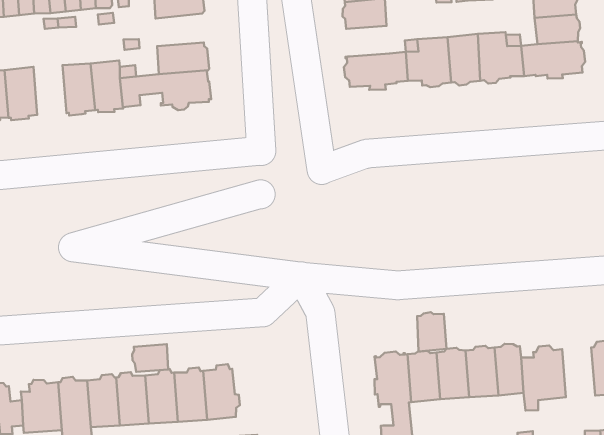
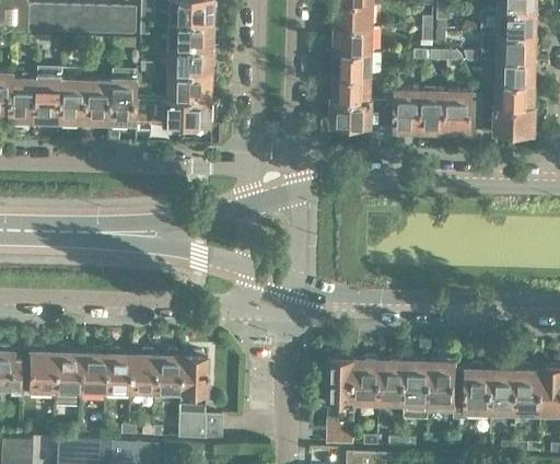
building: none -> [171,48,214,73]
building: none -> [332,74,370,100]
building: none -> [61,79,88,124]
building: [417,312,447,351] -> none
building: none -> [490,366,516,413]
building: [132,344,168,372] -> none

